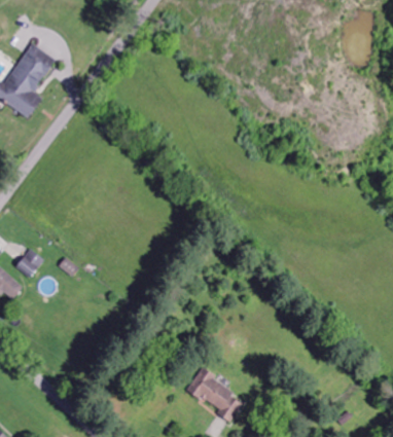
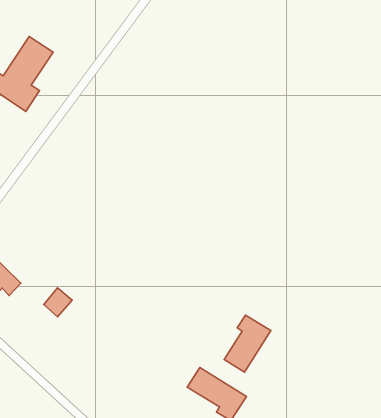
building: [16,248,44,277] -> [44,288,72,317]
building: none -> [224,315,271,372]

